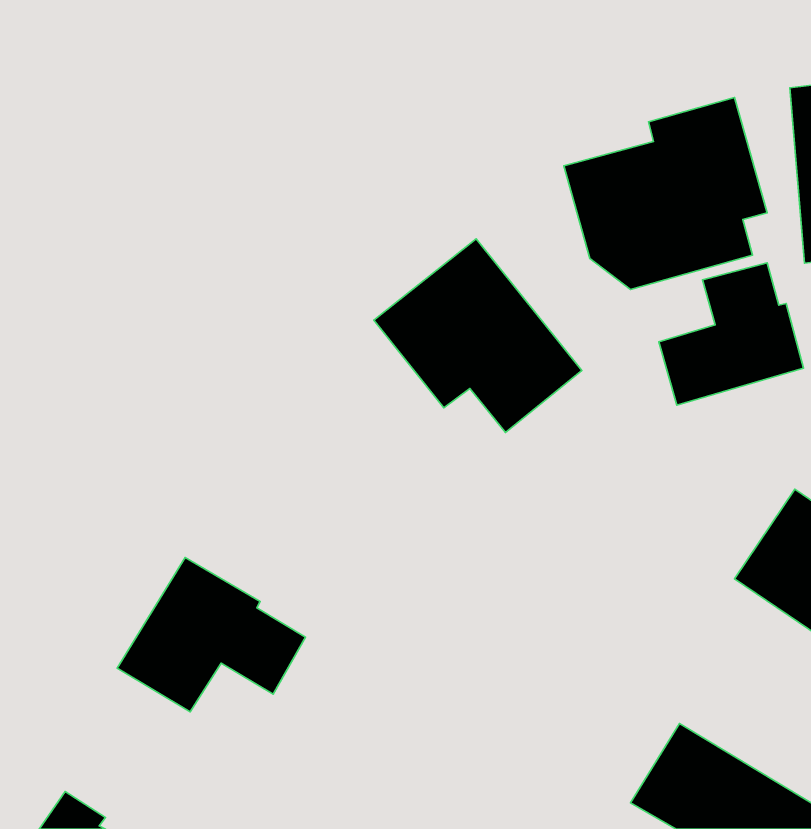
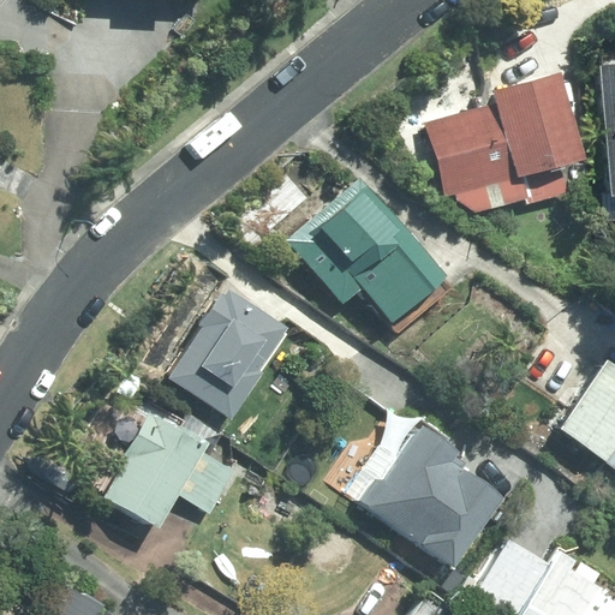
building: [659,263,803,405] -> none
building: none -> [169,292,287,418]
building: none -> [358,426,502,567]

